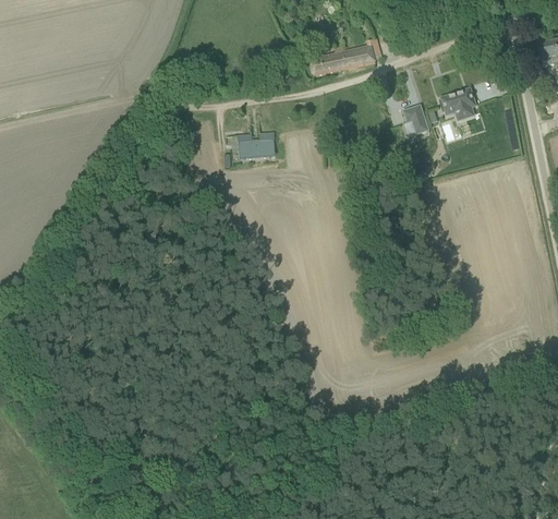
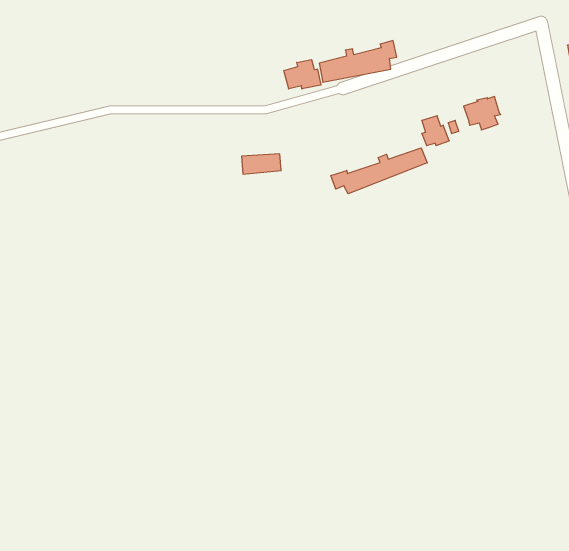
building: none -> [284,60,321,89]
building: none -> [331,148,427,194]

